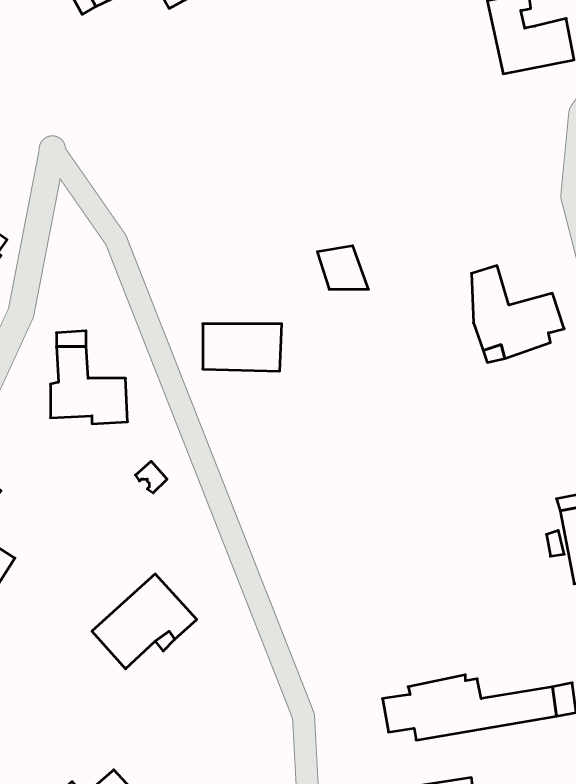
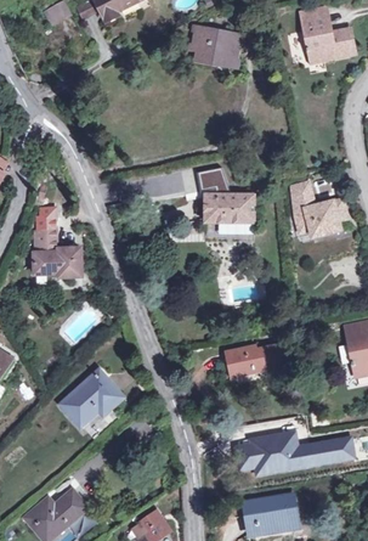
building: none -> [189,26,240,67]
building: [203,324,282,371] -> [204,195,253,224]
building: none -> [225,344,287,377]

